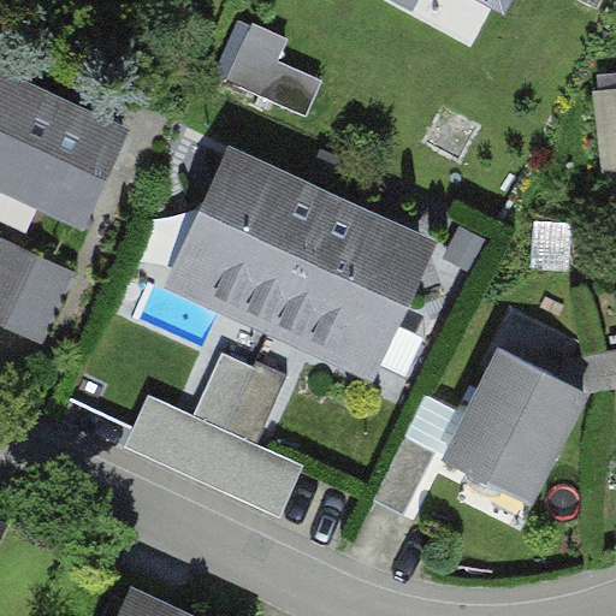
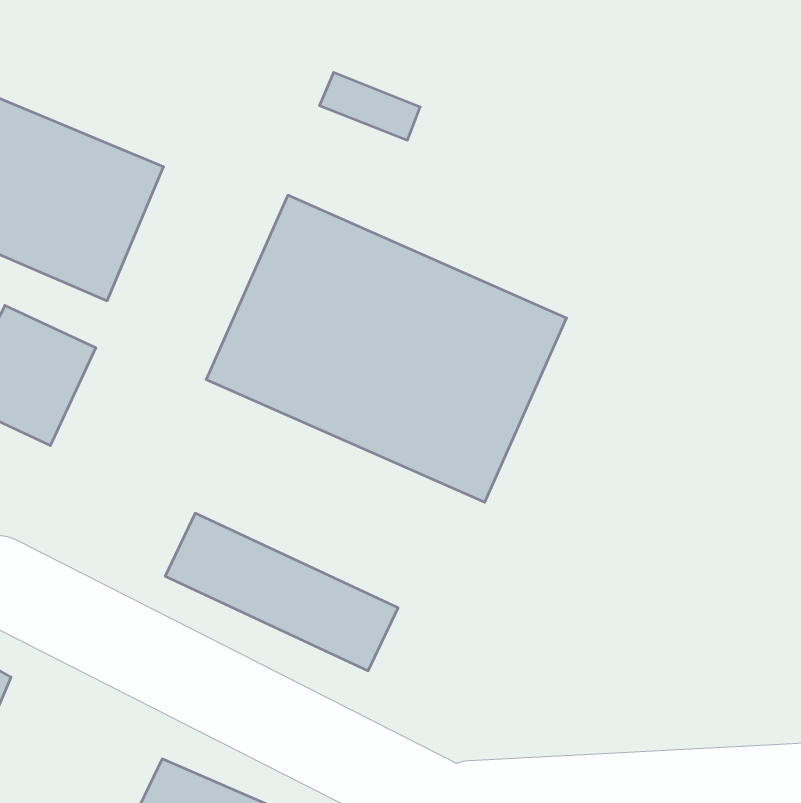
building: [446,338,587,492] -> none
building: [197,349,290,437] -> none

